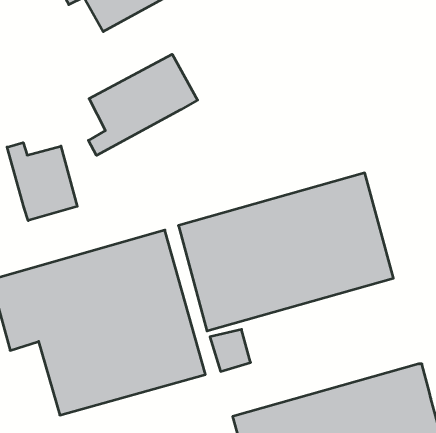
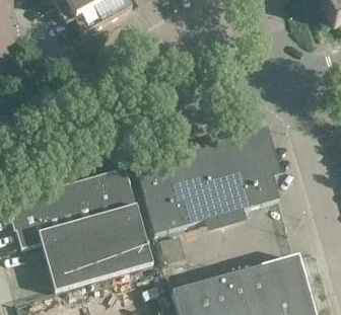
building: [88,54,198,155] -> none
building: [7,143,77,221] -> none

